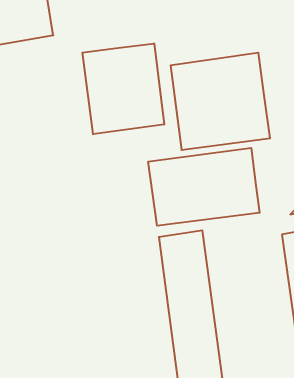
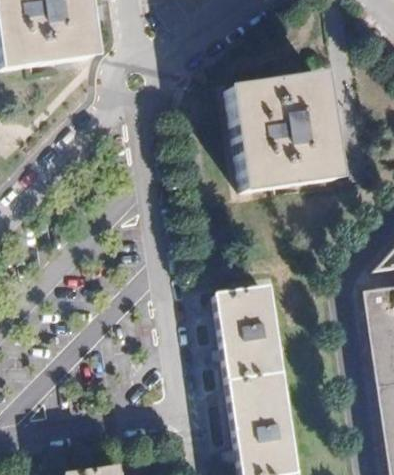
building: [82,43,164,134] -> none
building: [148,148,259,226] -> none

